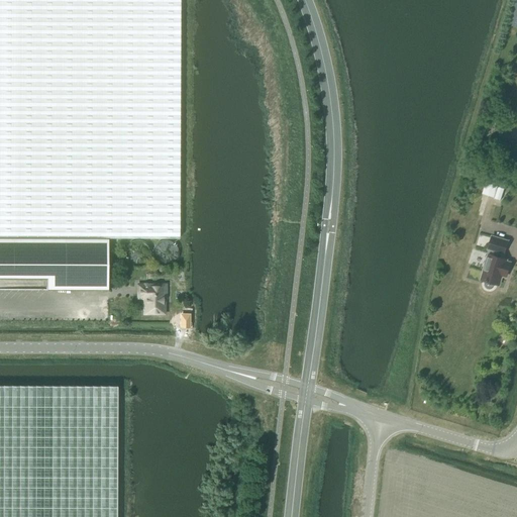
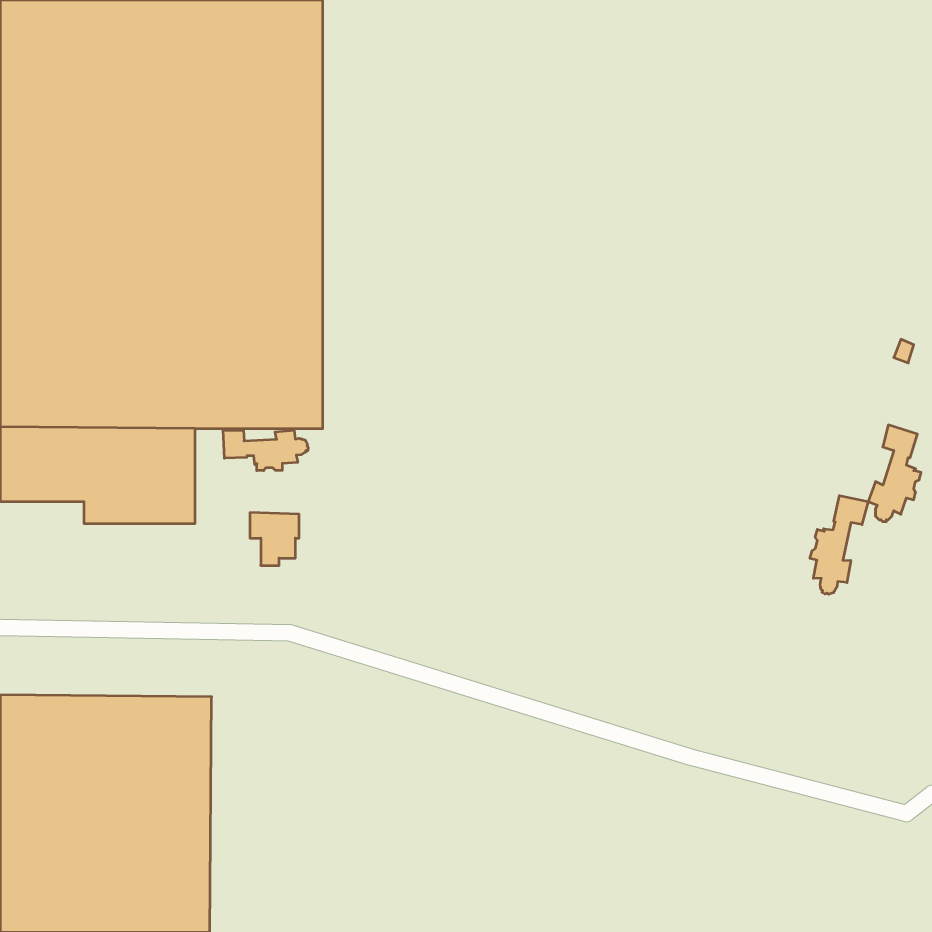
building: none -> [223,430,308,471]
building: none -> [810,496,868,594]

